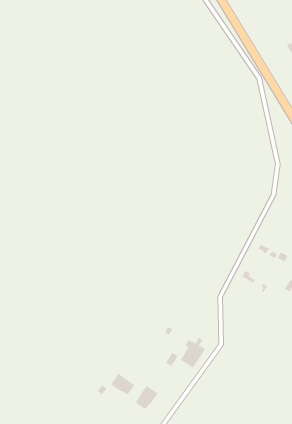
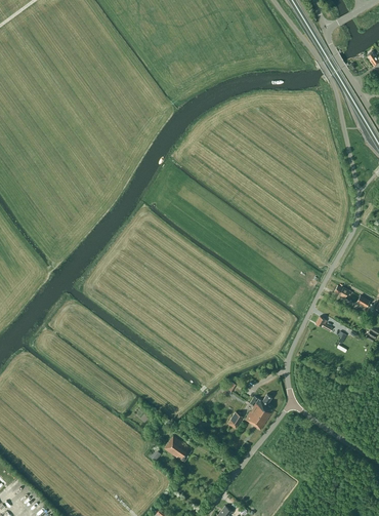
building: [135,385,158,410] -> none

